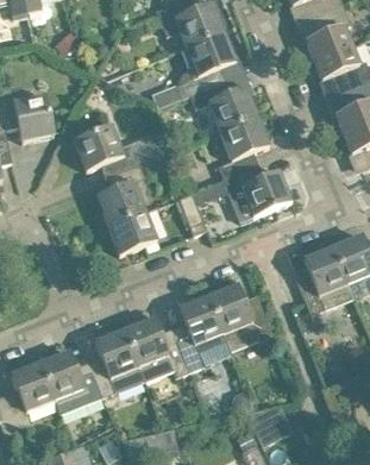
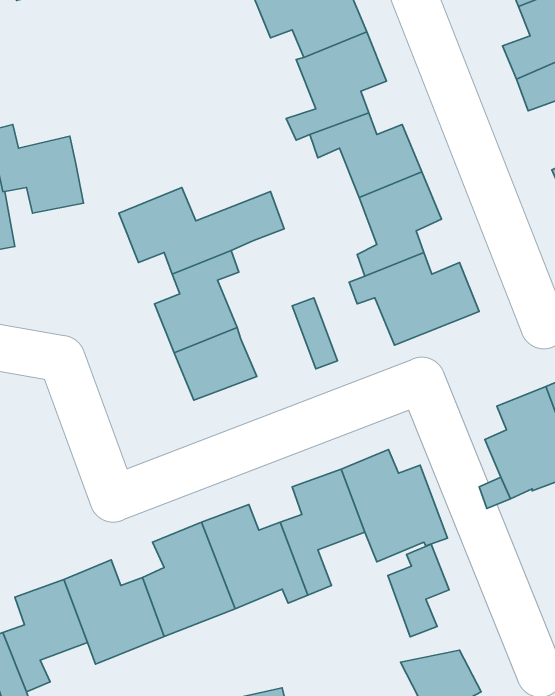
building: none -> [388,544,449,637]

